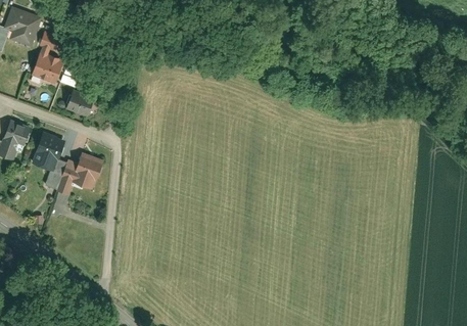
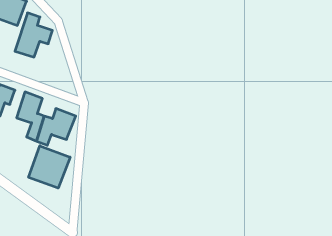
building: [64,88,93,117] -> none
building: none -> [29,146,70,188]

